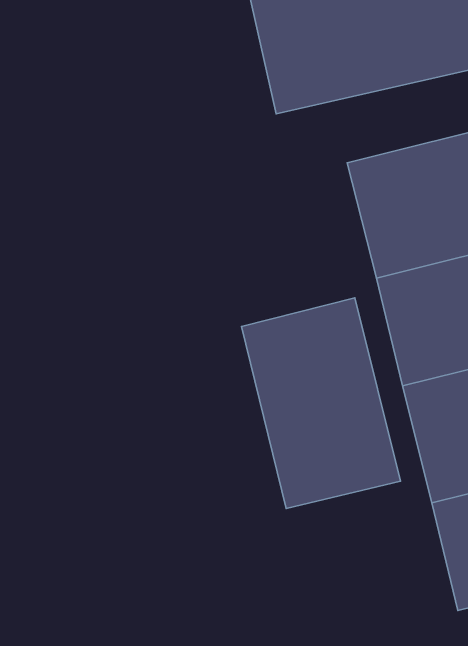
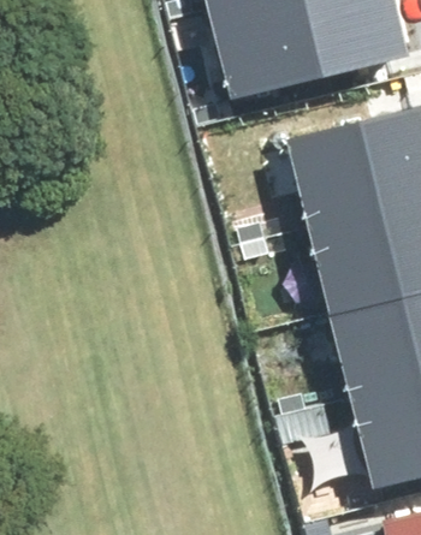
building: [242,298,400,509] -> none

